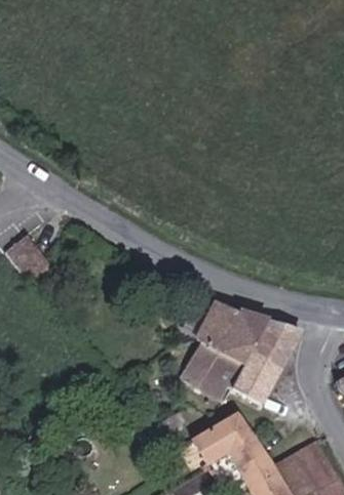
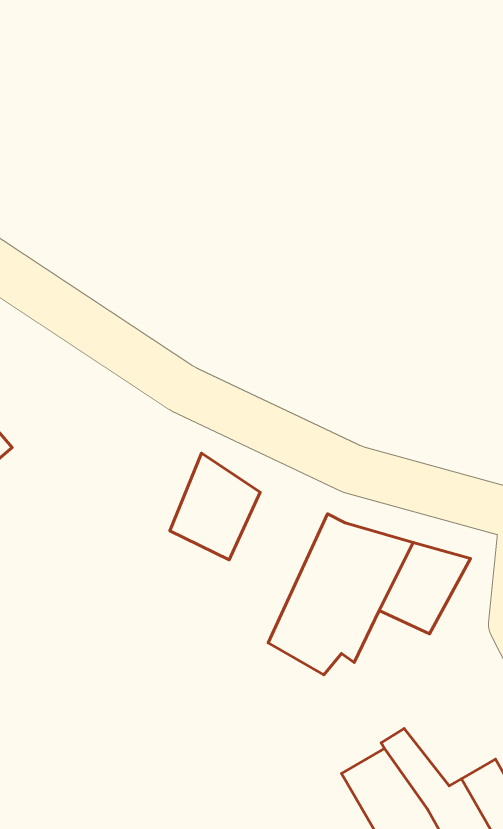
building: none -> [170,453,260,560]
building: [233,359,276,405] -> none
building: [192,417,251,464] -> none

